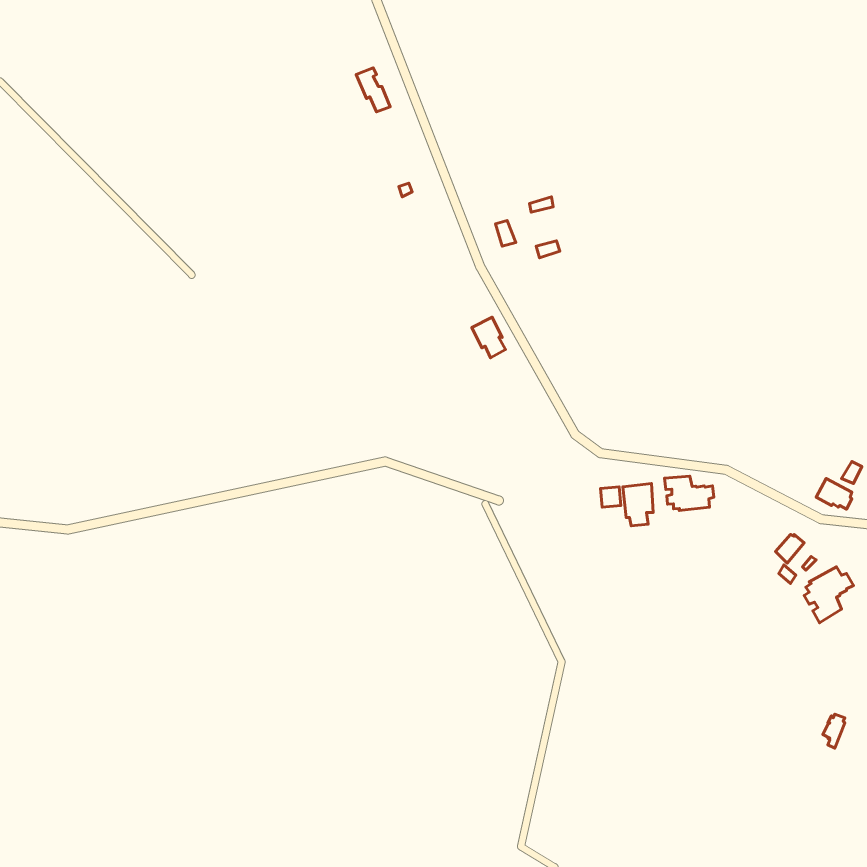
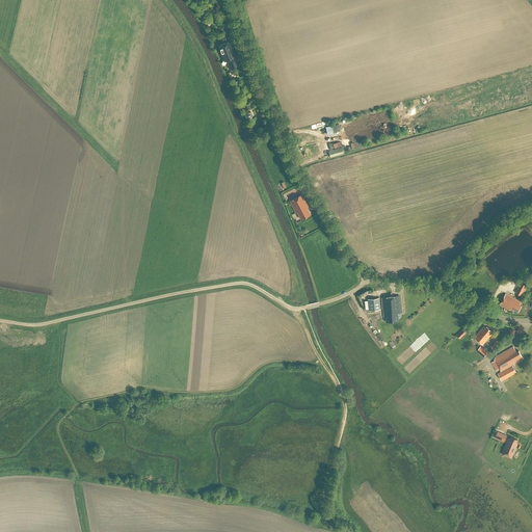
building: [664,476,714,511] -> none

